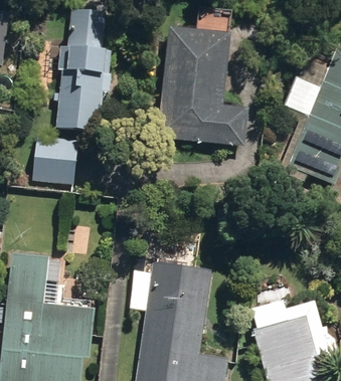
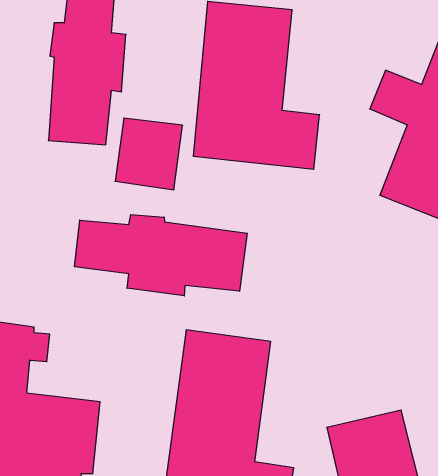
building: [32,131,79,181] -> [115,118,183,190]
building: none -> [74,215,247,296]

